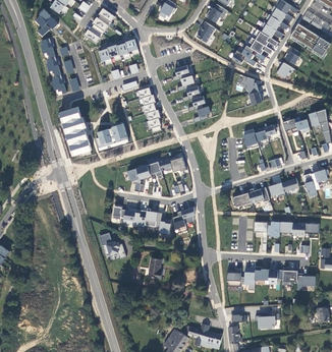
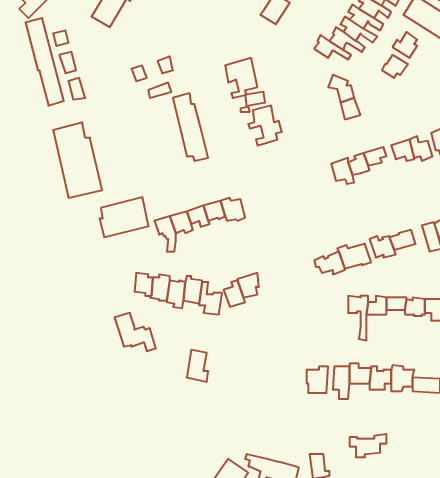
building: [97,39,137,63] -> none
building: [95,123,127,150] -> [99,197,149,237]

